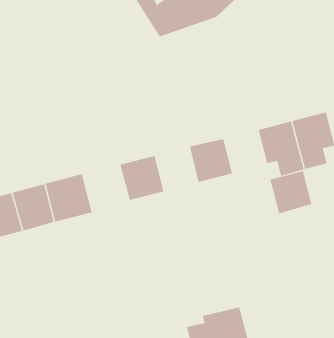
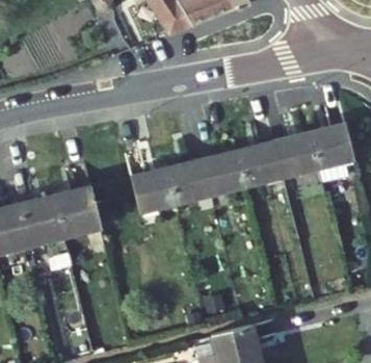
building: none -> [168,156,213,203]
building: [270,170,312,214] -> [240,138,285,184]

